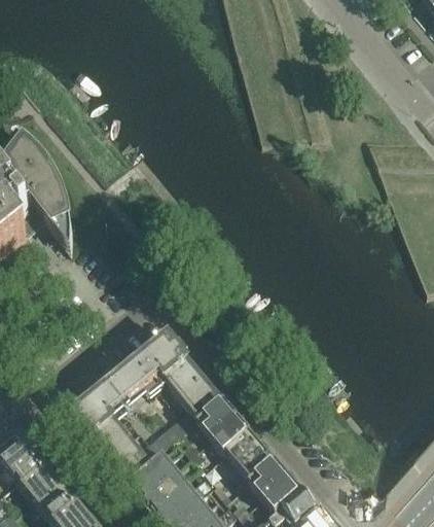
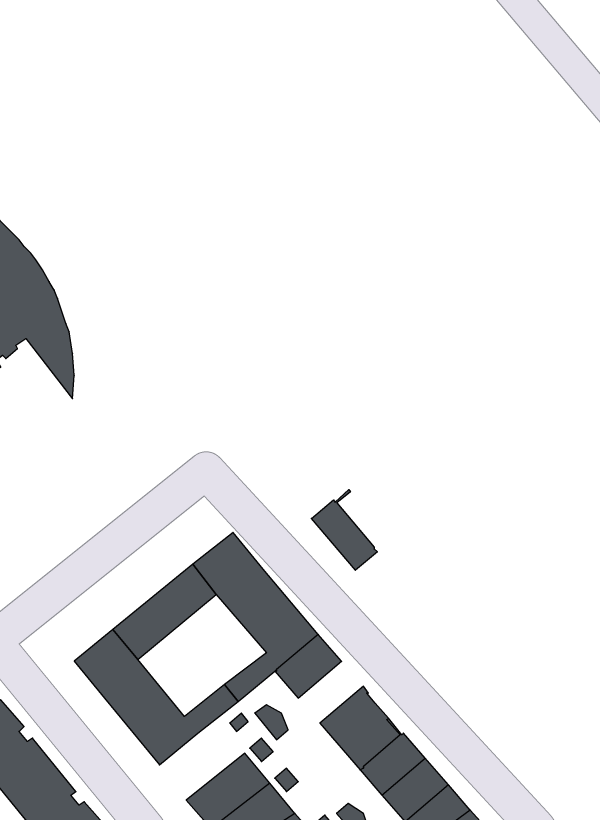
building: none -> [311,490,377,570]
building: [209,413,249,451] -> none
building: [125,451,176,498] -> none

